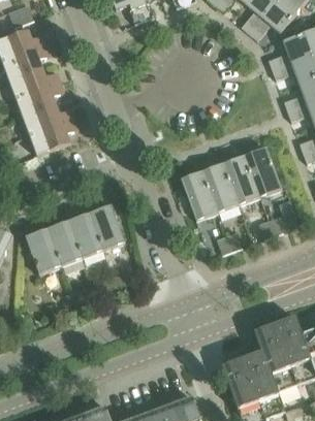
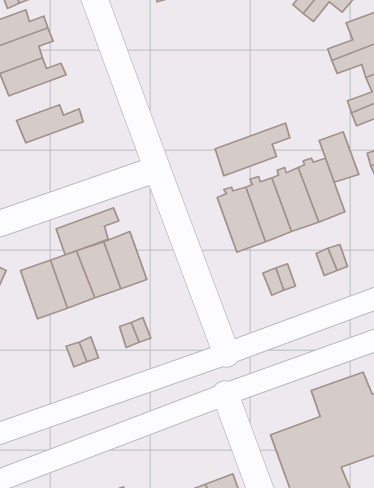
building: [15,80,64,117] -> none
building: [29,118,78,155] -> [56,208,119,255]
building: none -> [215,123,290,176]
building: none -> [319,132,359,182]

